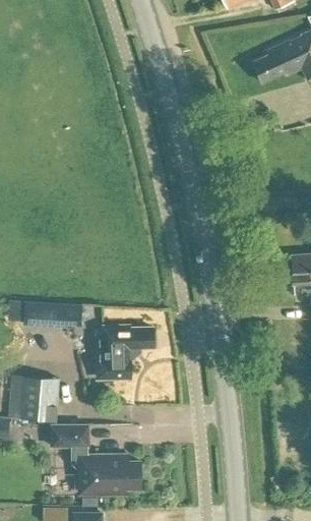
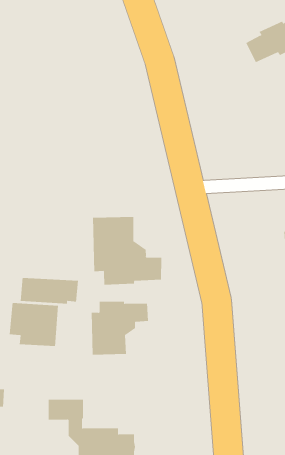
building: none -> [93,216,162,286]
building: [8,375,59,420] -> [9,303,59,346]

